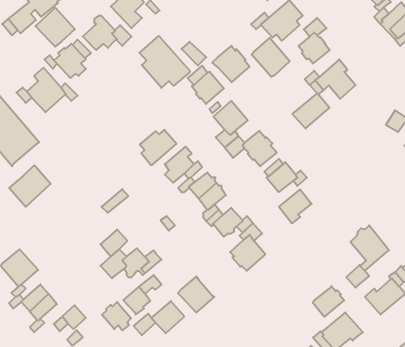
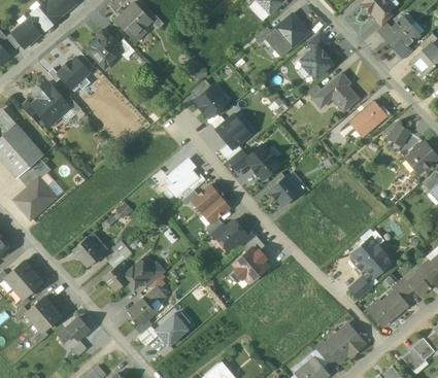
building: [35,8,75,47] -> none
building: [139,36,190,88] -> none
building: [251,38,290,77] -> none
building: [212,46,250,82] -> none
building: [292,93,330,129] -> [348,102,385,137]
building: [140,130,176,165] -> none
building: none -> [18,158,50,188]
building: [279,189,312,223] -> none
building: none -> [73,237,102,267]
building: [178,276,214,312] -> none
building: [313,286,344,317] -> none
building: [102,302,131,330] -> none

